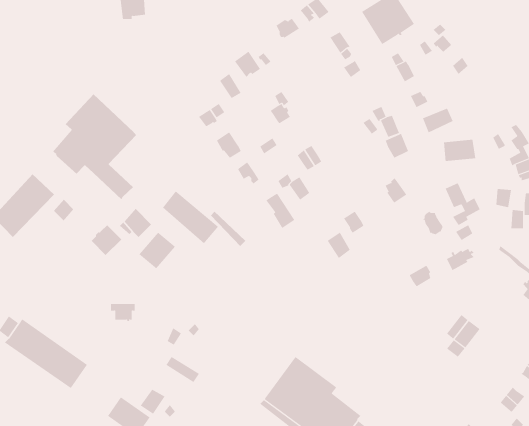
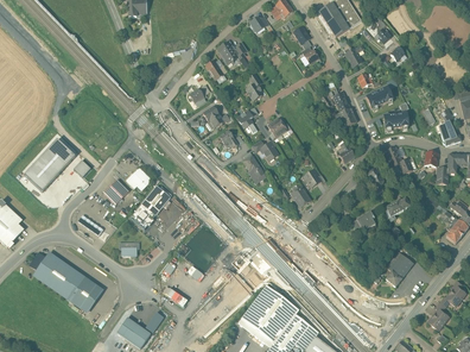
building: [52,94,137,200] -> none
building: [162,190,219,244] -> none

